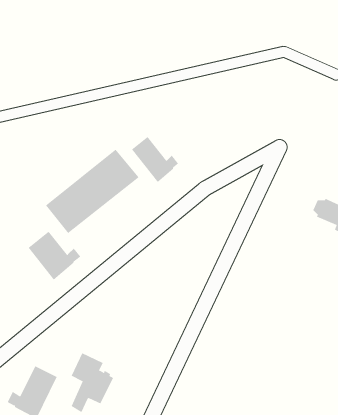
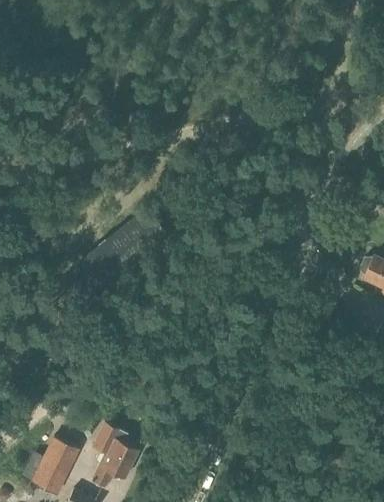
building: [131,136,179,183] -> none
building: [28,231,81,281] -> none

